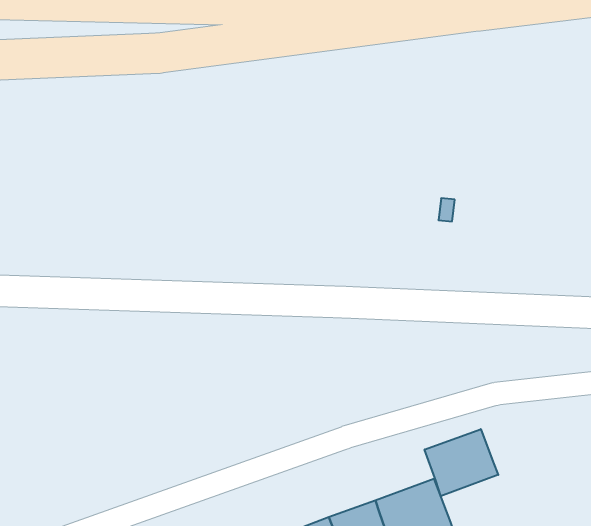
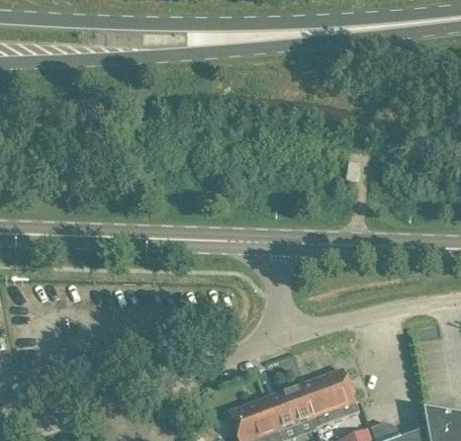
building: [425,429,498,496] -> none

